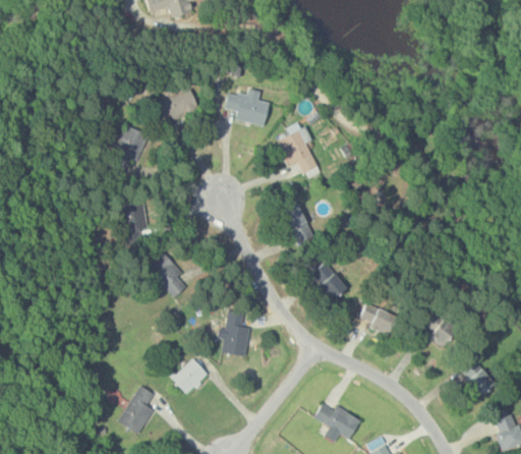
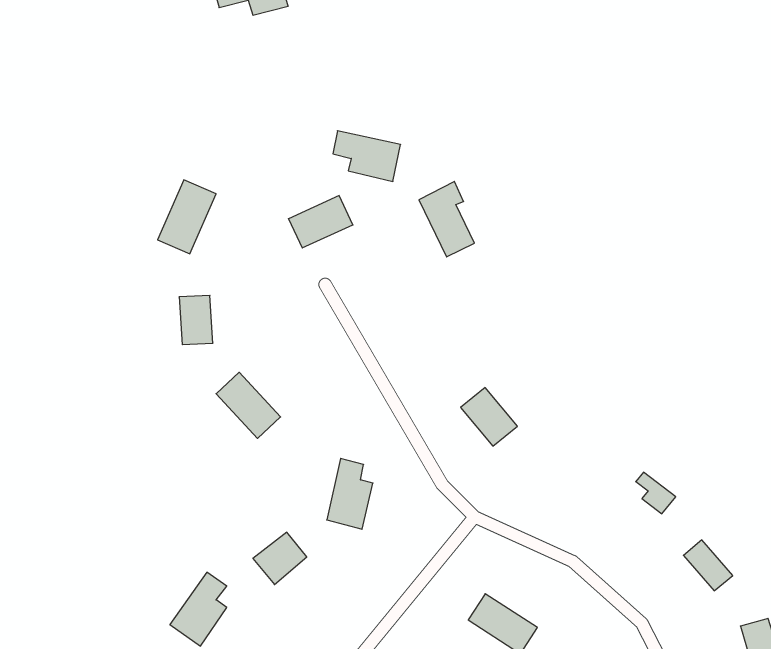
building: [156,89,198,123] -> [288,196,353,248]
building: [279,207,311,244] -> none
building: [360,300,398,333] -> none

